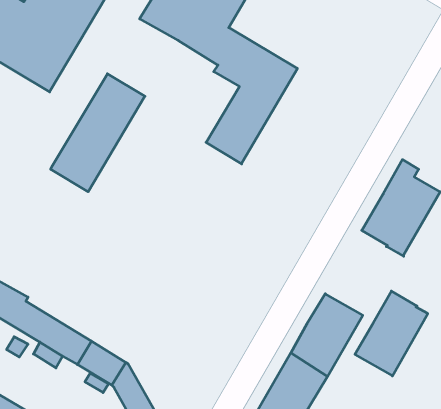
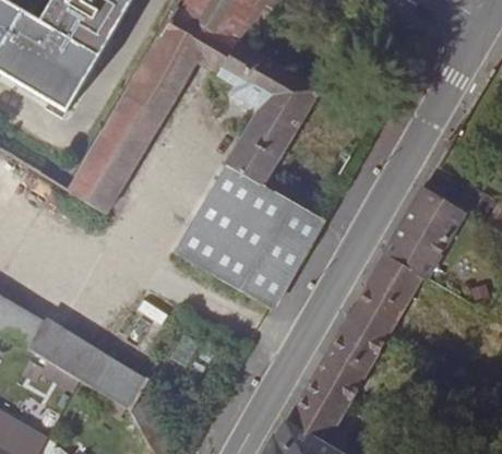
building: none -> [125,37,198,116]
building: none -> [172,163,323,308]
building: [355,291,428,376] -> [347,252,421,338]

